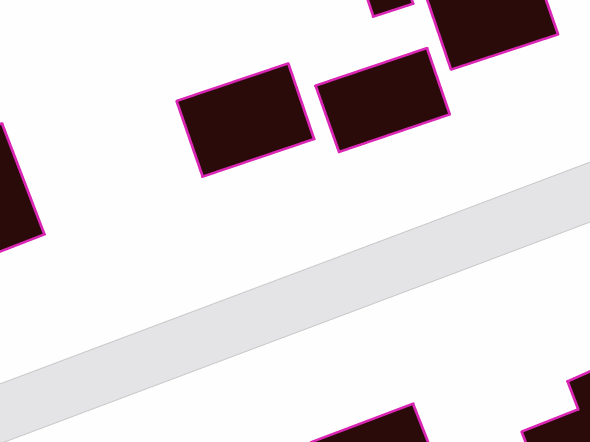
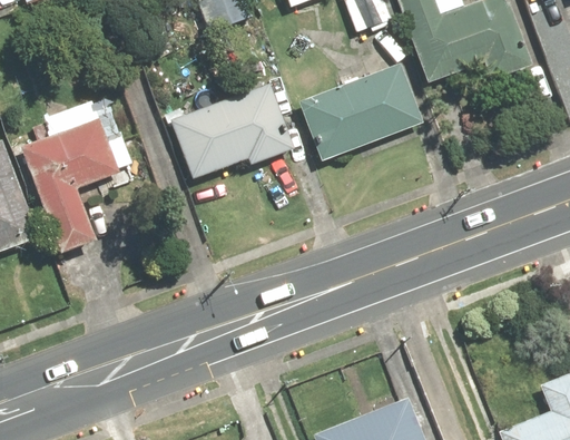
building: none -> [24,114,137,260]

